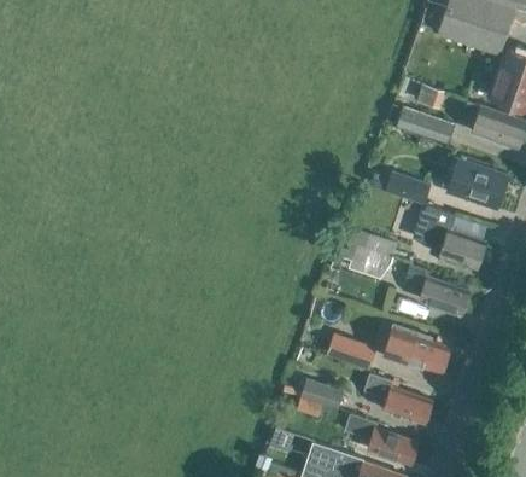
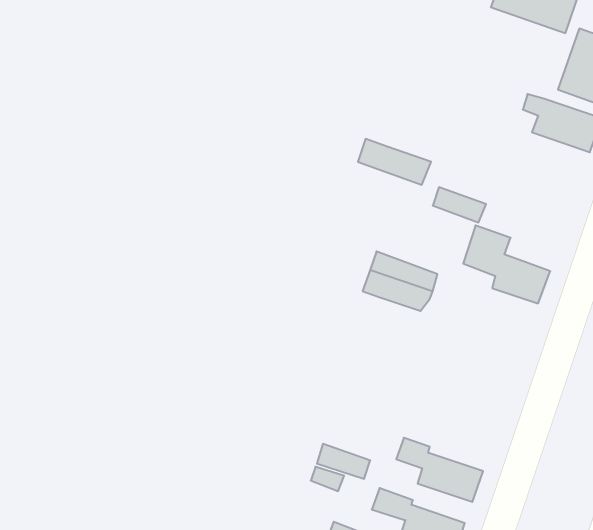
building: [396,106,454,142] -> [358,139,431,185]
building: [451,159,508,210] -> none
building: [405,264,468,313] -> none
building: [381,324,449,373] -> none
building: [325,332,376,370] -> none

